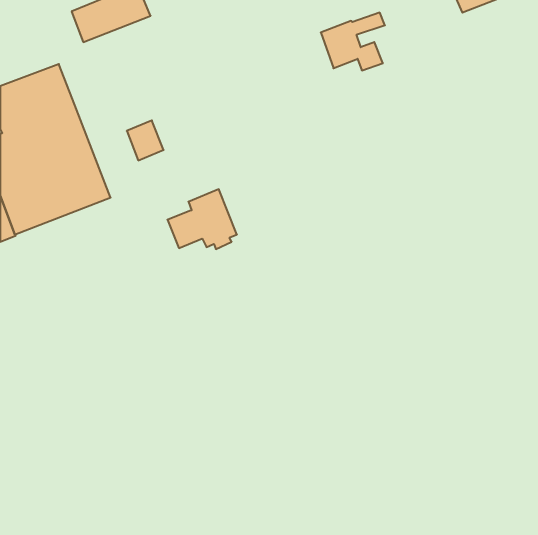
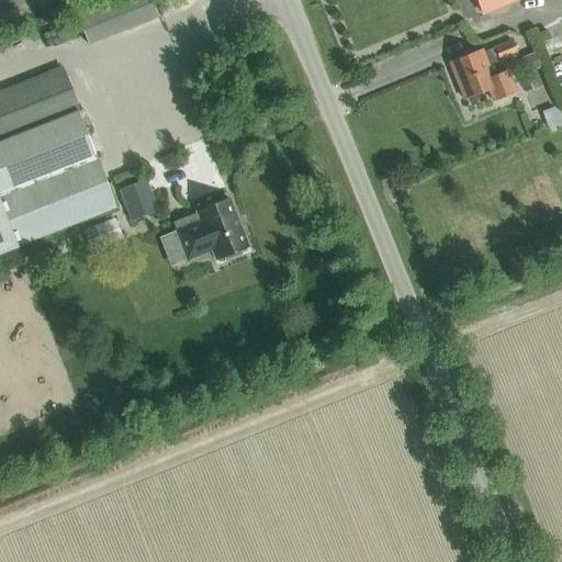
building: [321,13,385,70] -> [449,41,516,101]
building: [127,120,164,160] -> [119,178,157,220]

